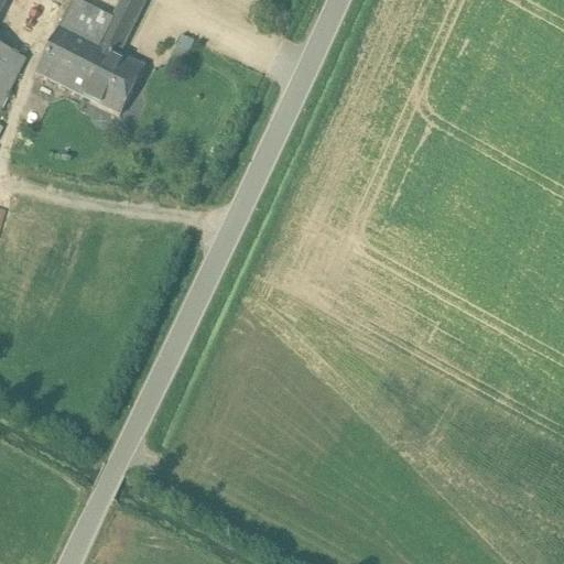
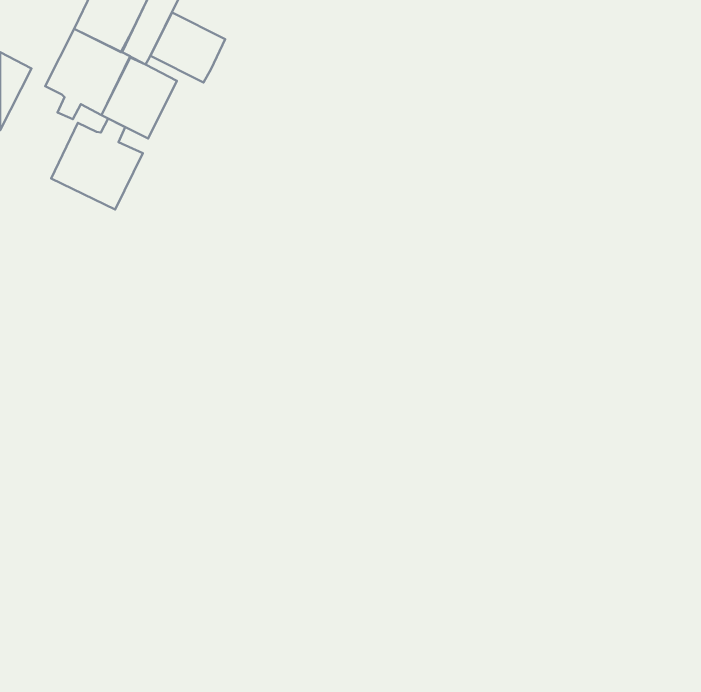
building: none -> [150,13,225,82]
building: none -> [51,118,143,210]

